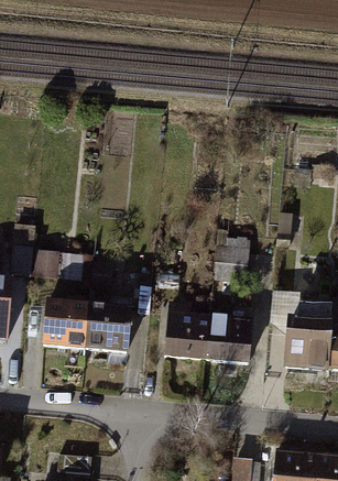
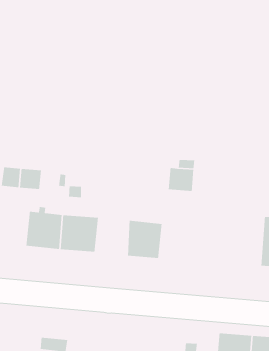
building: [285,304,330,368] -> none
building: [203,316,249,361] -> none

